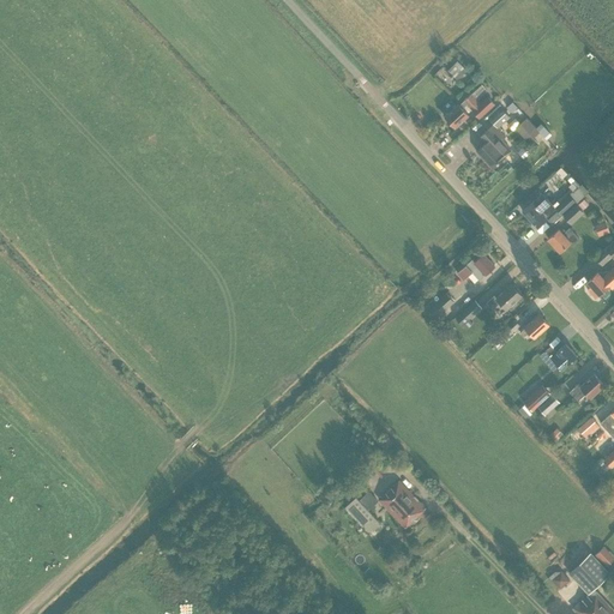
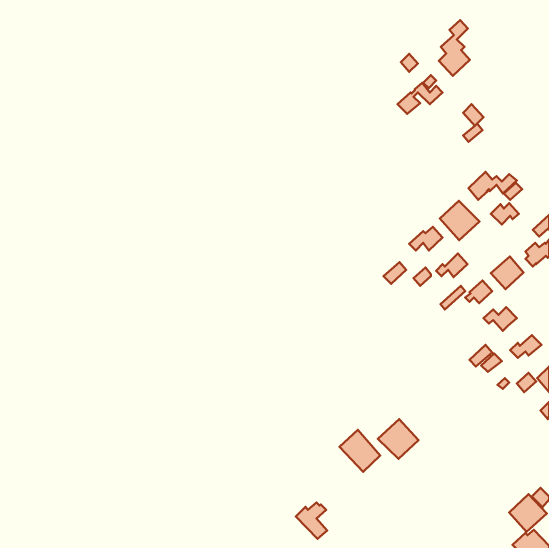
building: [476,107,511,169] -> [439,20,470,76]
building: none -> [440,201,480,240]
building: none -> [491,257,524,289]
building: none -> [378,419,418,459]
building: [345,493,380,534] -> [296,502,327,539]

